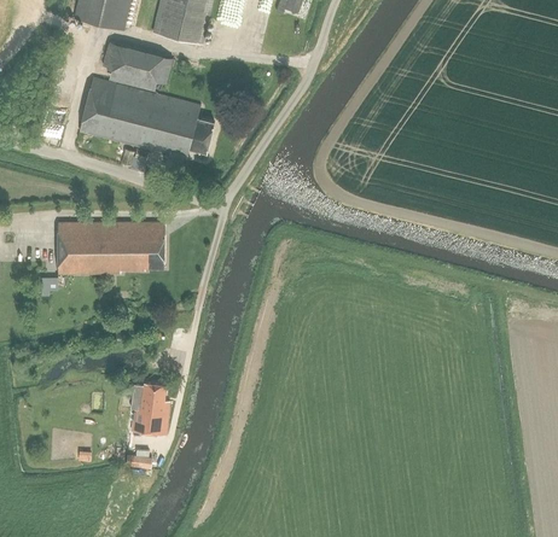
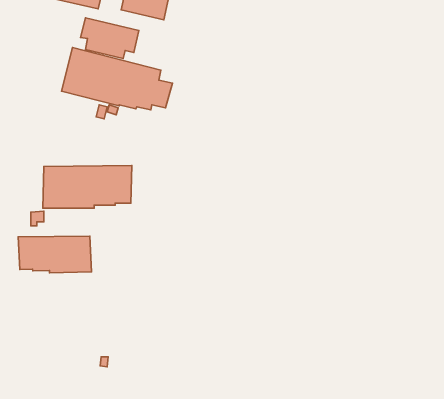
building: none -> [18,236,92,273]
building: [130,383,169,436] -> none

